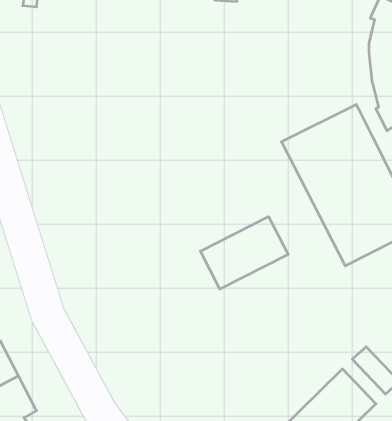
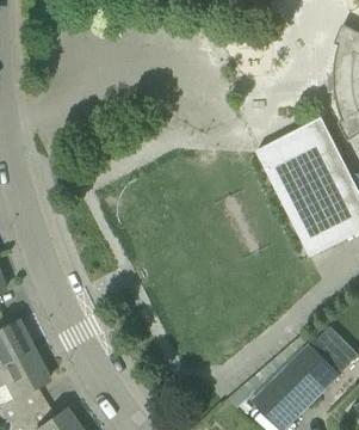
building: [200,217,288,289] -> none

